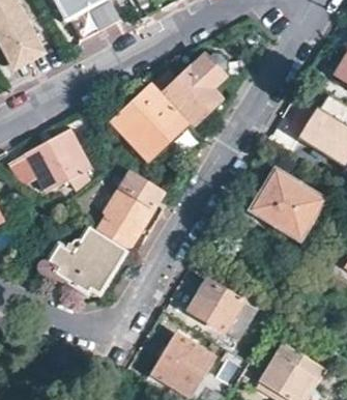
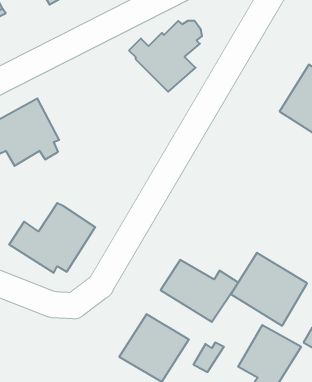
building: [112,84,186,159] -> none
building: [251,170,323,239] -> [231,253,307,326]
building: [95,172,164,250] -> none

